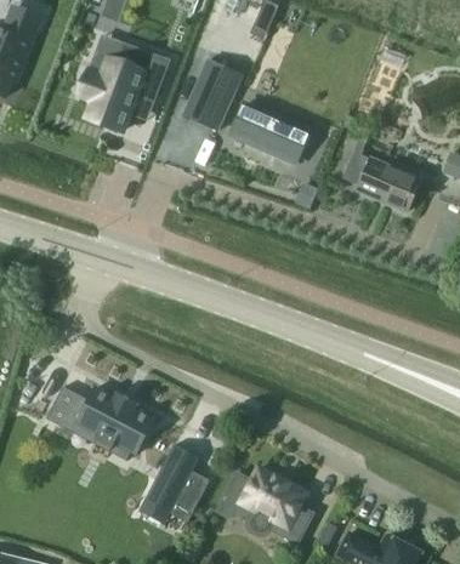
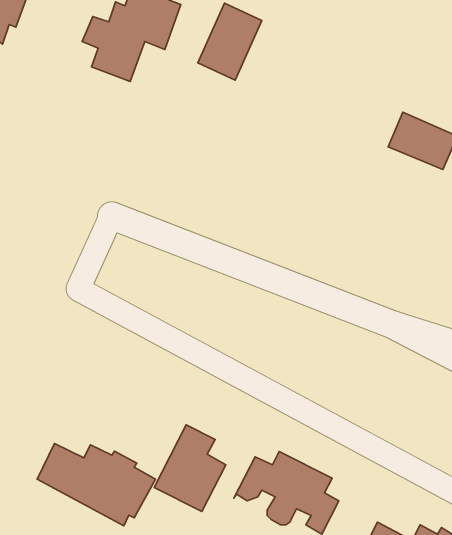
building: [231,103,308,163] -> none
building: [46,386,154,461] -> [37,443,156,526]

